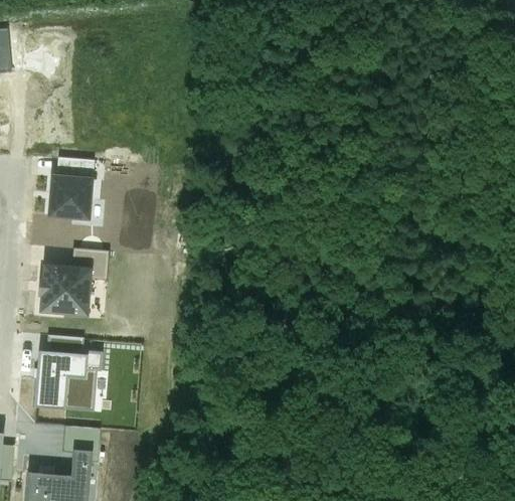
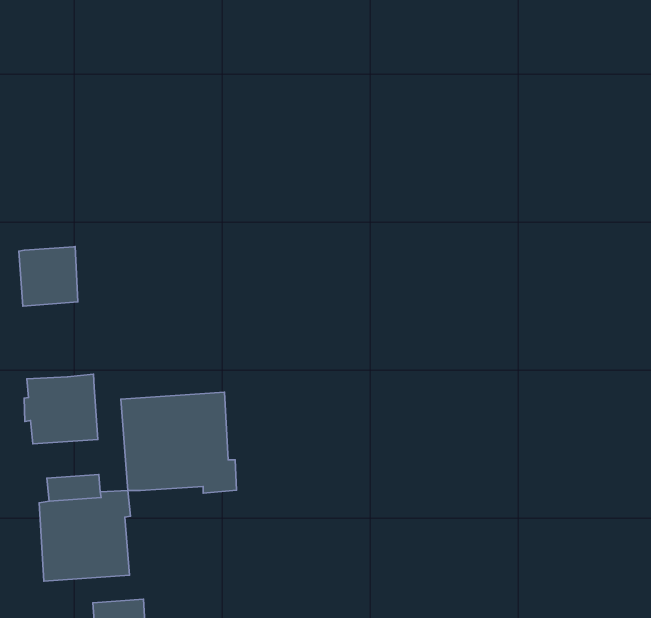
building: [56,159,92,180] -> none
building: [72,249,108,280] -> none
building: none -> [121,392,236,493]

